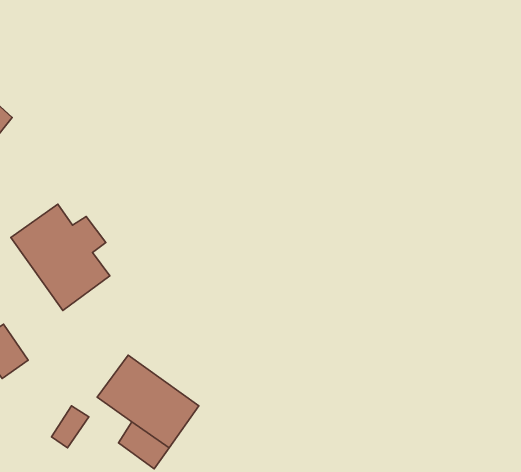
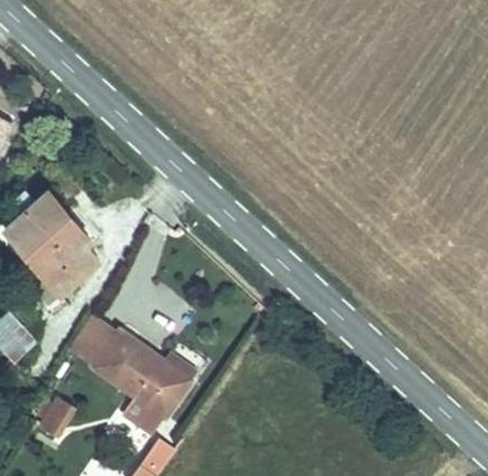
building: none -> [69,321,117,374]

